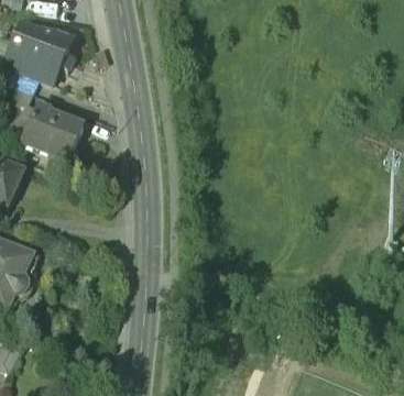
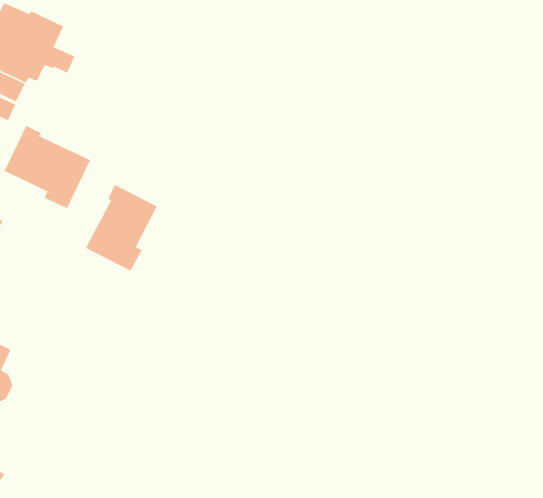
building: none -> [85,184,158,272]

